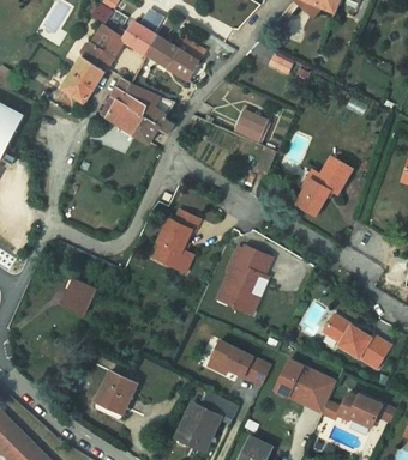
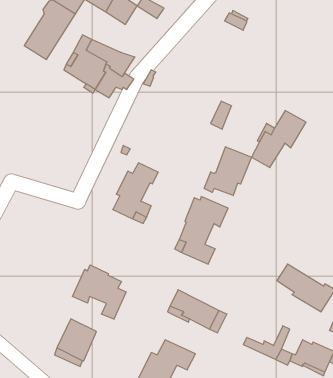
building: [167,48,199,81] -> none
building: [234,110,266,143] -> none
building: none -> [204,147,251,196]
building: [61,278,95,315] -> none
building: none -> [73,265,126,319]
building: [275,359,329,398] -> none

